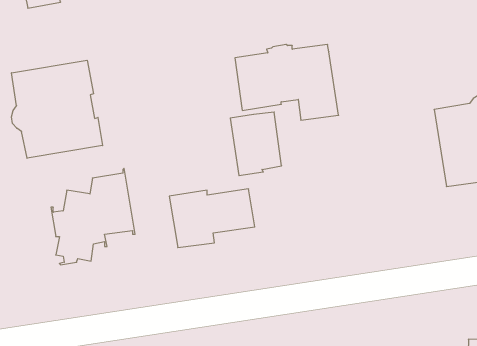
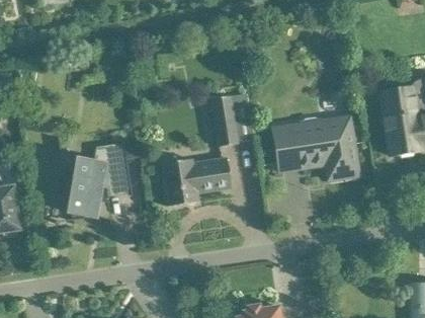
building: [235,44,339,120] -> [273,116,359,179]
building: [11,60,103,158] -> none

